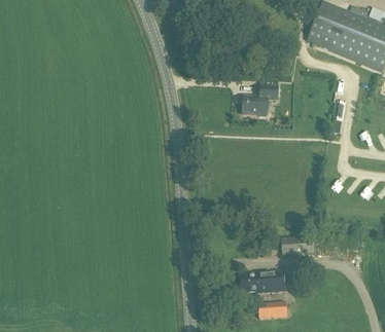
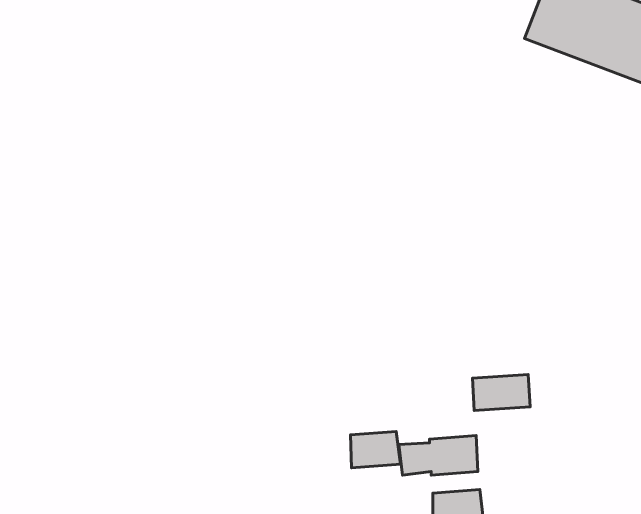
building: [242,84,279,117] -> none
building: none -> [350,432,401,468]

